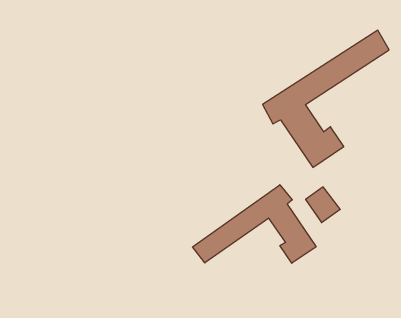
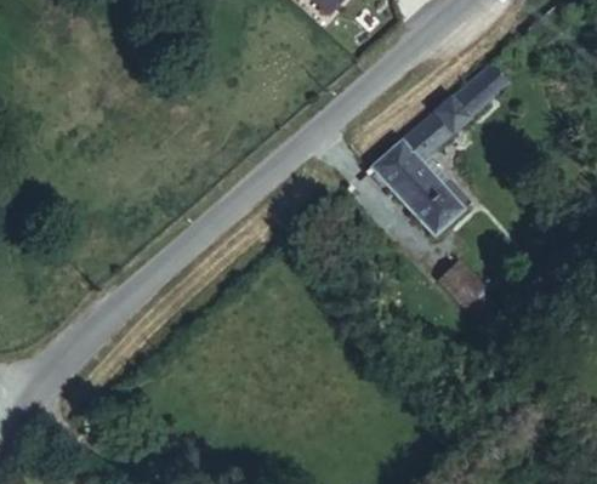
building: [193,185,316,263] -> none

